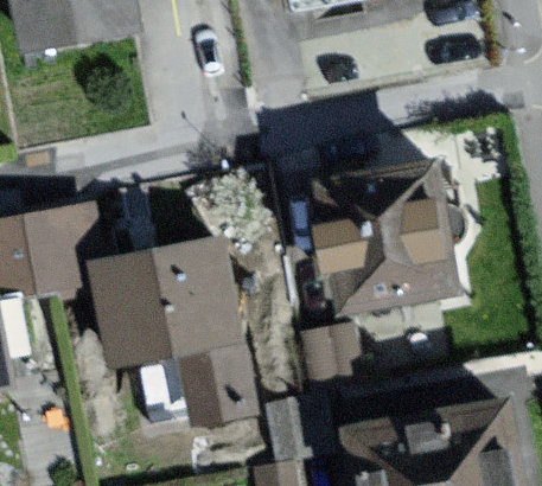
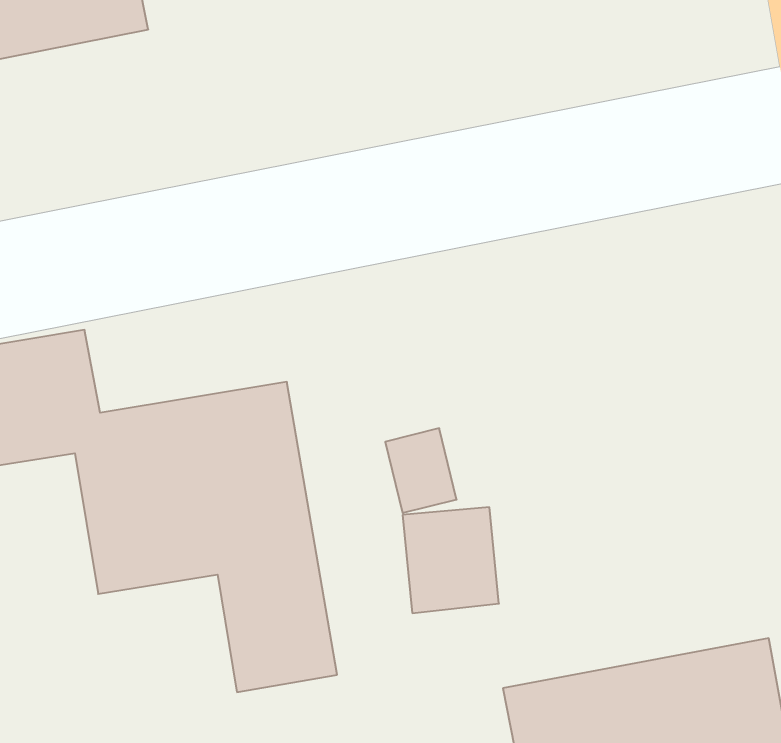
building: [320,158,467,313] -> none

